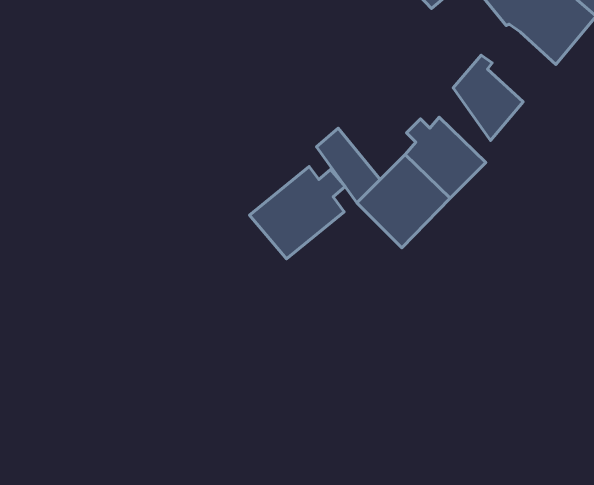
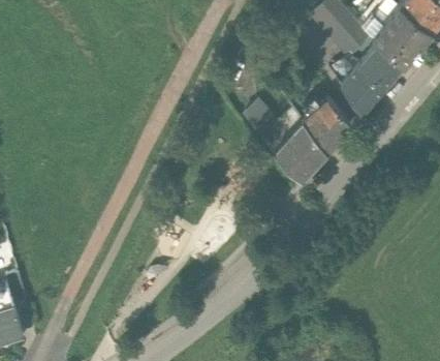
building: none -> [358,42,404,89]
building: [250,167,345,259] -> none

